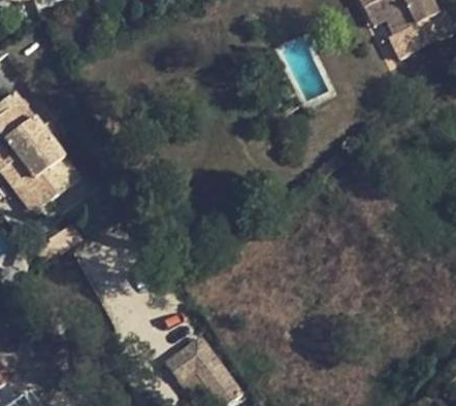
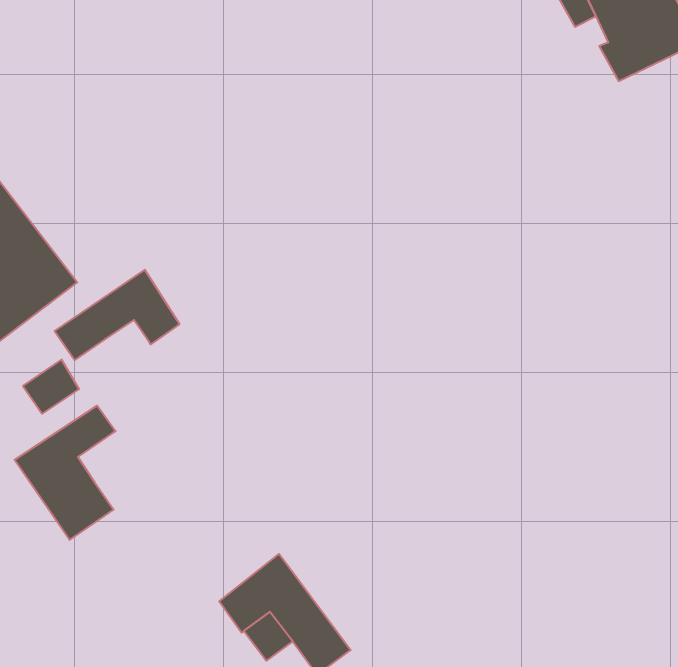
building: none -> [55,270,179,360]
building: none -> [15,406,116,540]

